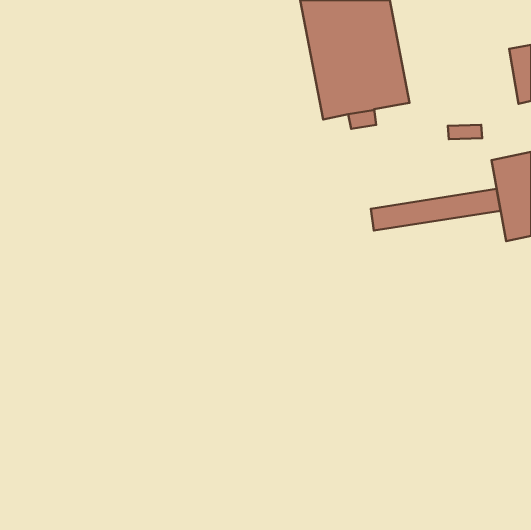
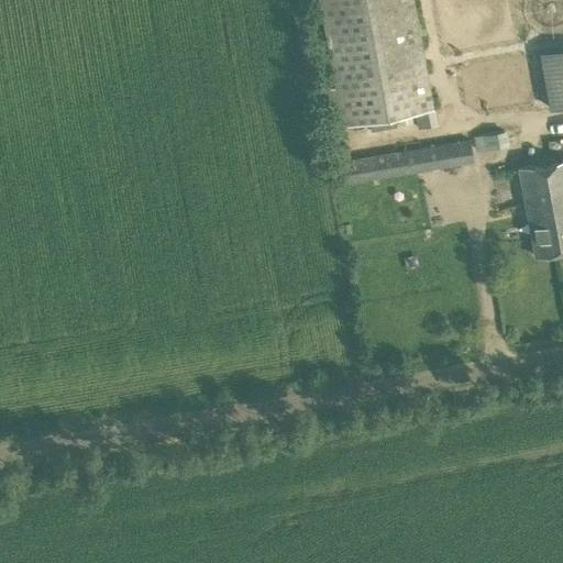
building: [371,189,501,231] -> [336,141,474,185]

